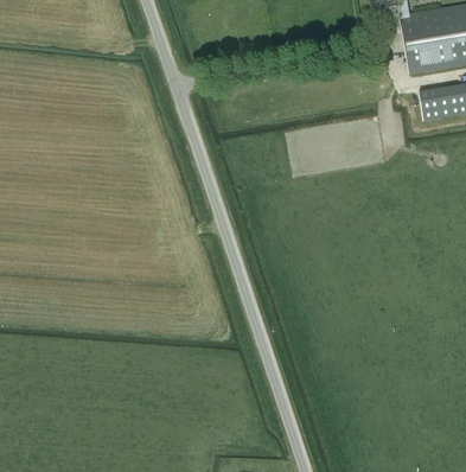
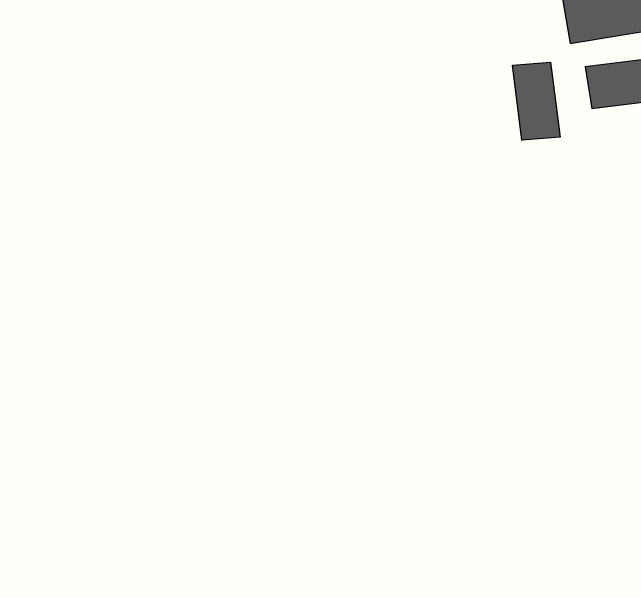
building: none -> [513,62,560,140]

